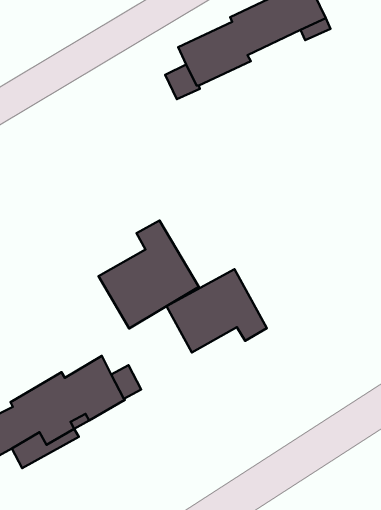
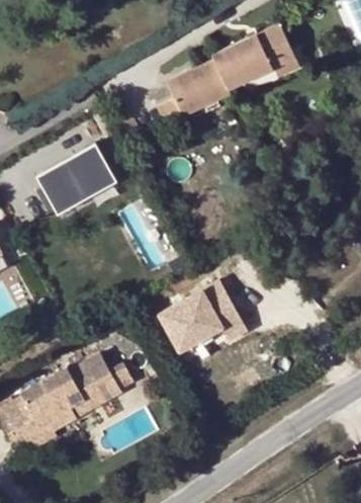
building: none -> [36,143,114,214]
building: [99,220,199,328] -> none

